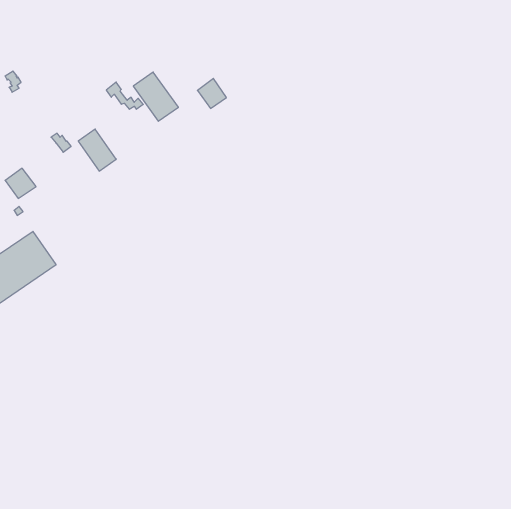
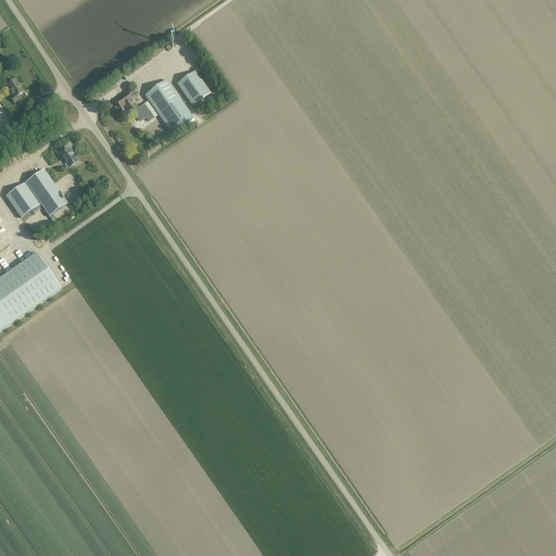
building: [197,78,226,108] -> [177,70,208,102]
building: [78,129,116,171] -> [25,168,66,214]

